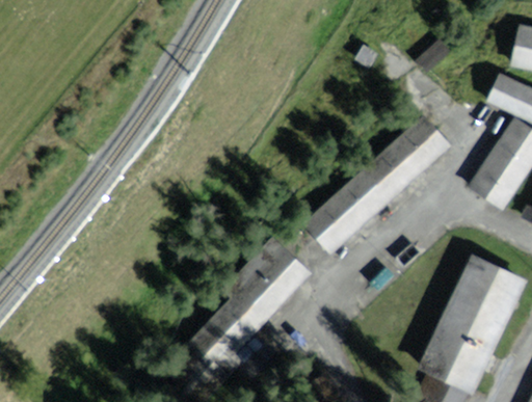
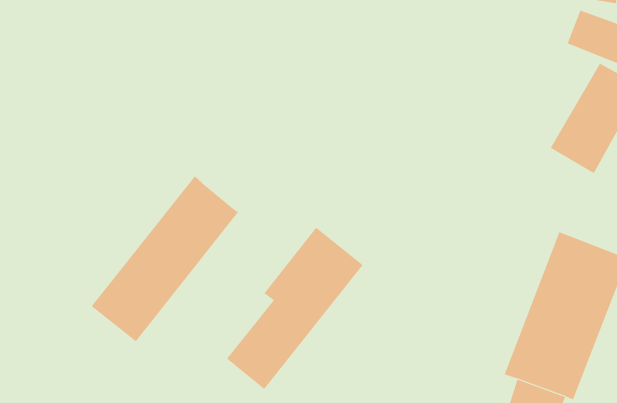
building: [301,114,452,253] -> none
building: none -> [91,176,239,342]

